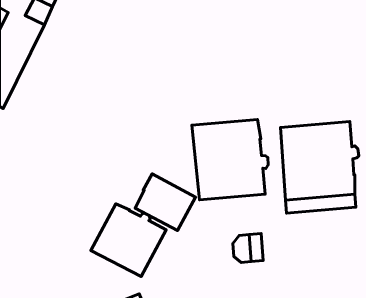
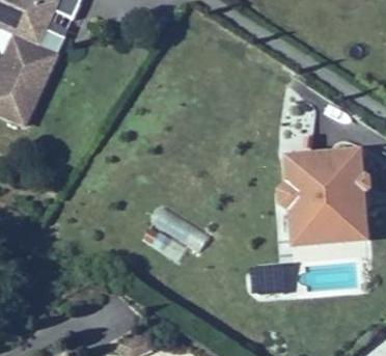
building: [192,119,268,200] -> none
building: [91,204,166,276] -> none

